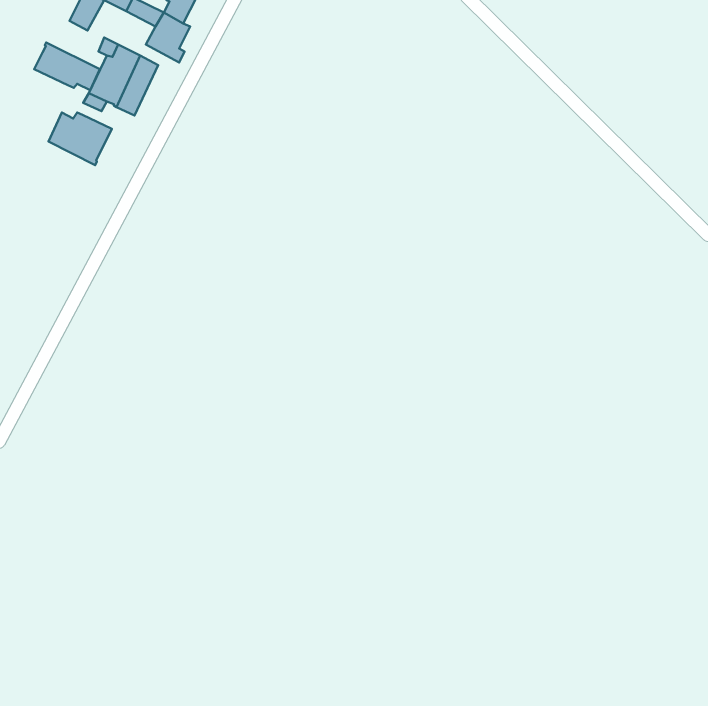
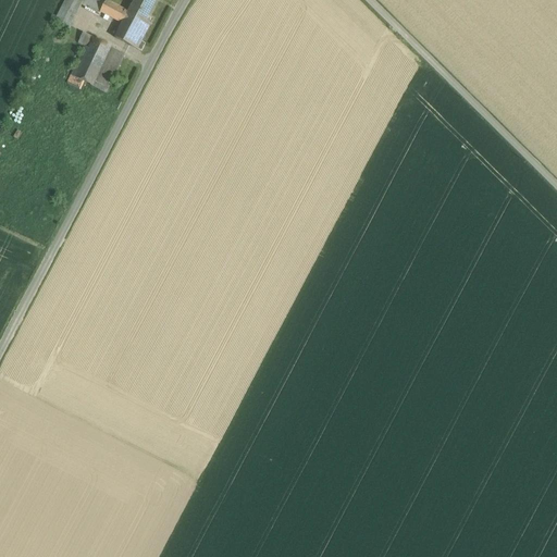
building: [34,43,100,90] -> none
building: [49,112,112,165] -> none

